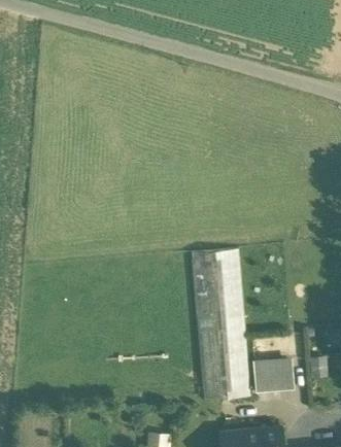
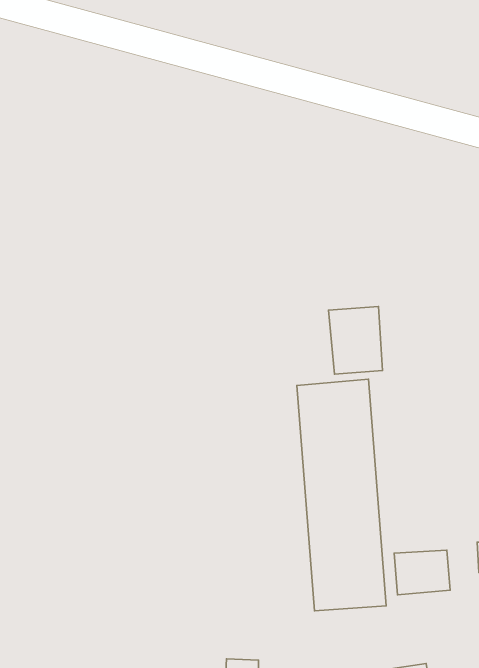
building: none -> [329,306,383,374]

